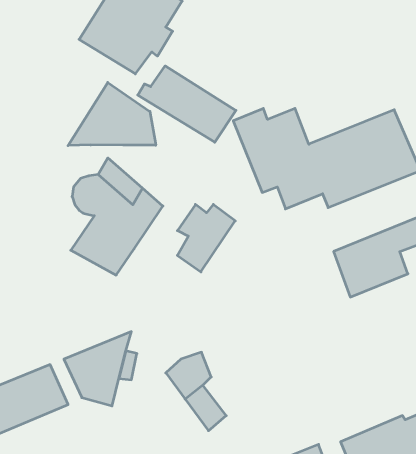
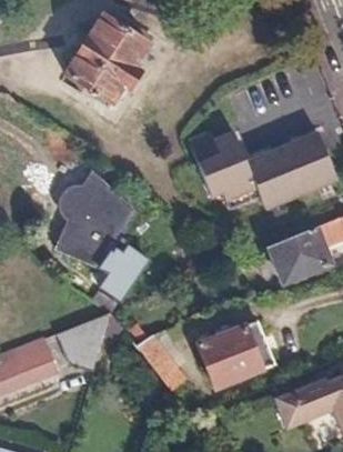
building: [138,66,236,142] -> none
building: [68,82,156,146] -> none
building: [177,204,235,272] -> [95,244,142,299]
building: none -> [195,318,279,391]

